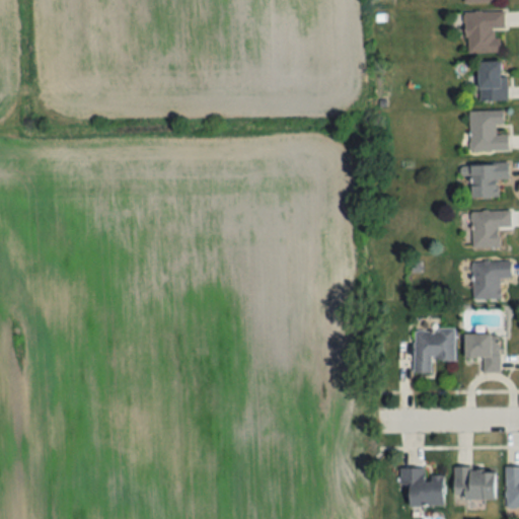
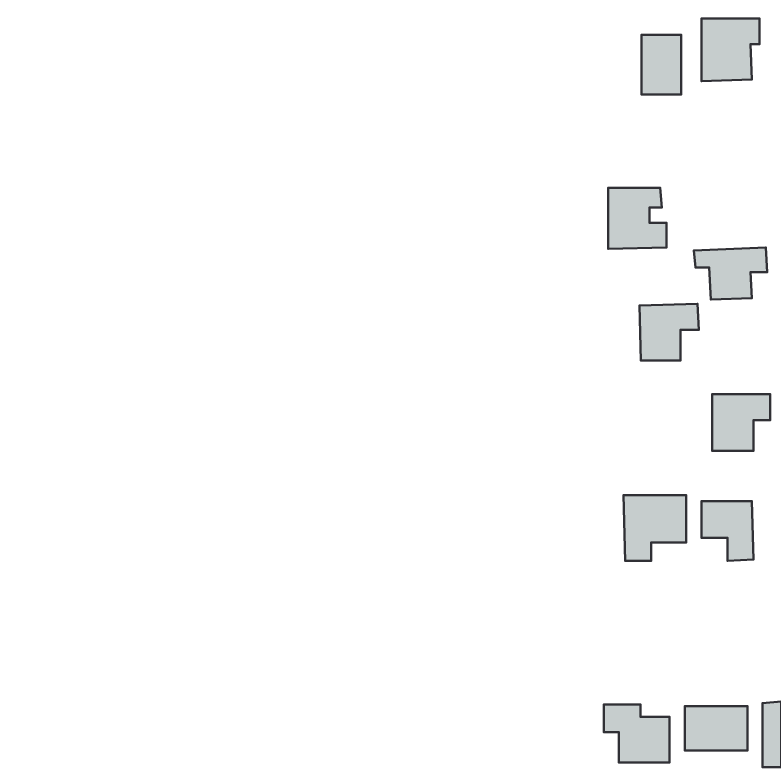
building: [479,63,506,102] -> [641,35,681,95]
building: [469,112,508,152] -> [608,188,666,249]
building: [471,211,511,248] -> [639,304,699,360]

